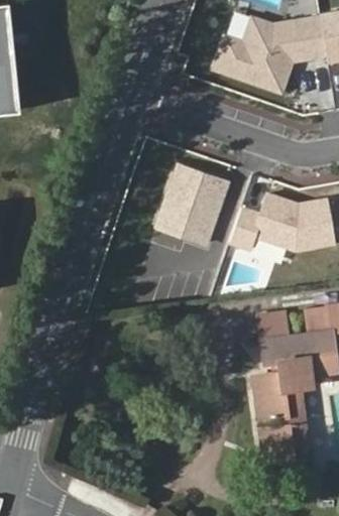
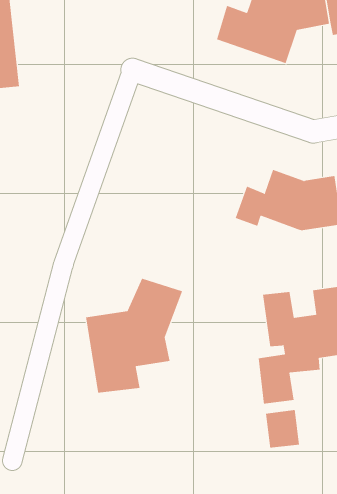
building: [155,165,225,243] -> none
building: none -> [86,278,183,394]

